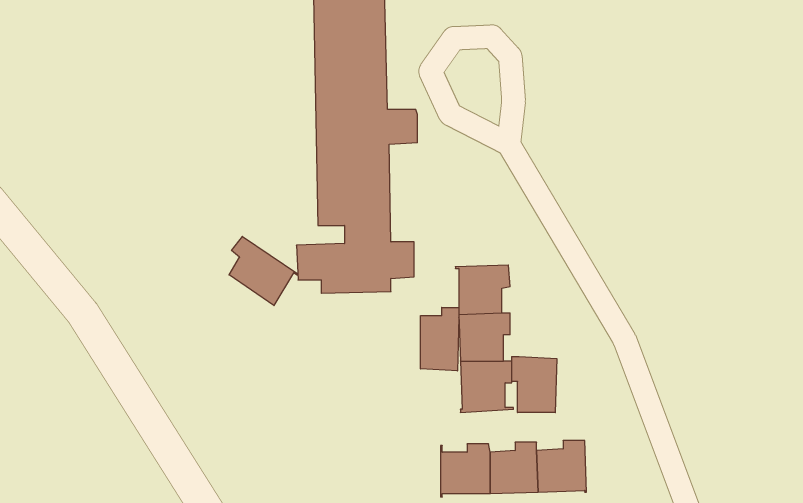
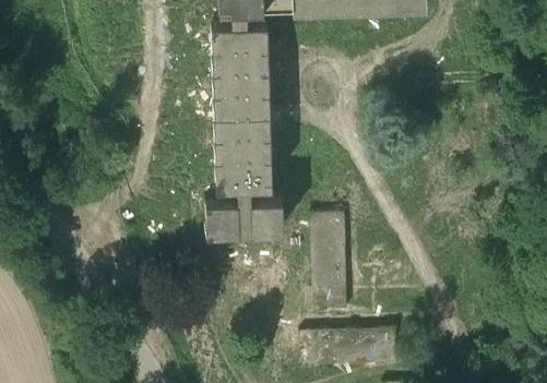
building: [229,236,298,306] -> none
building: [421,307,459,371] -> none
building: [512,357,557,413] -> none

